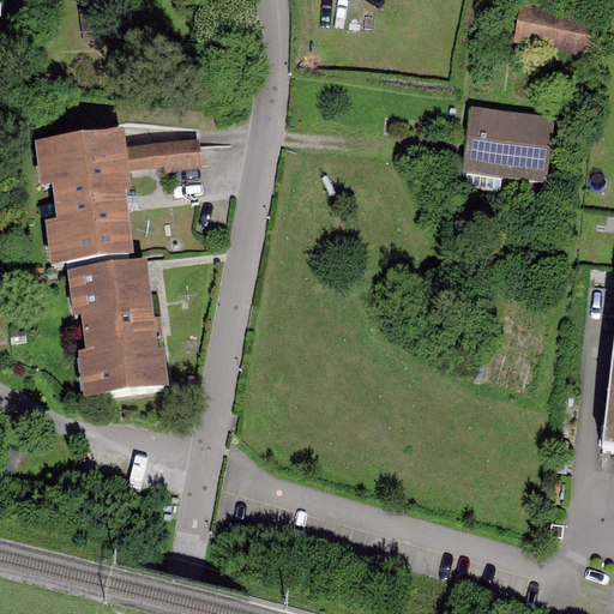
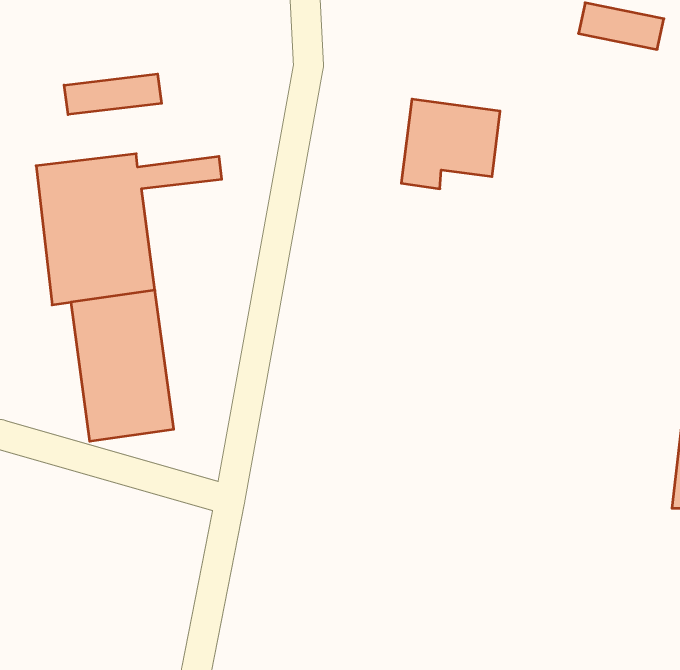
building: none -> [64,74,162,115]
building: [469,102,558,182] -> [401,99,500,189]

